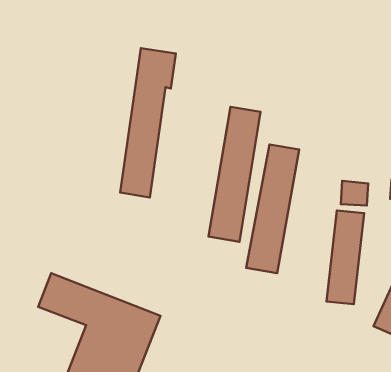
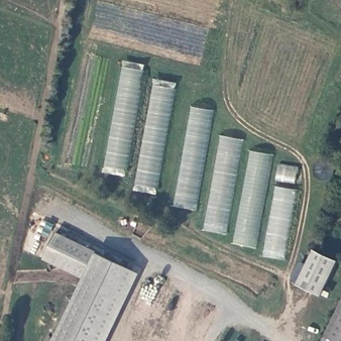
building: none -> [131,79,174,196]
building: none -> [230,151,270,249]

